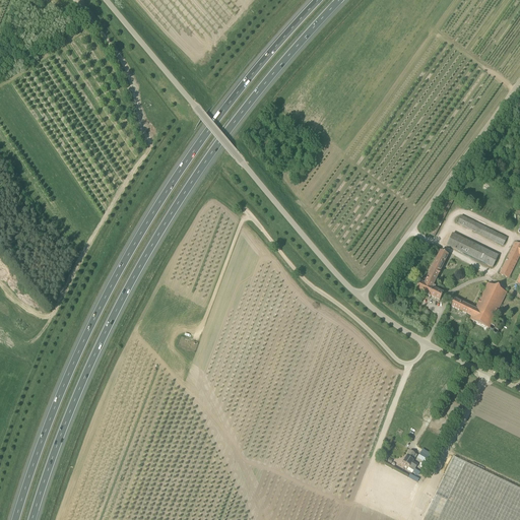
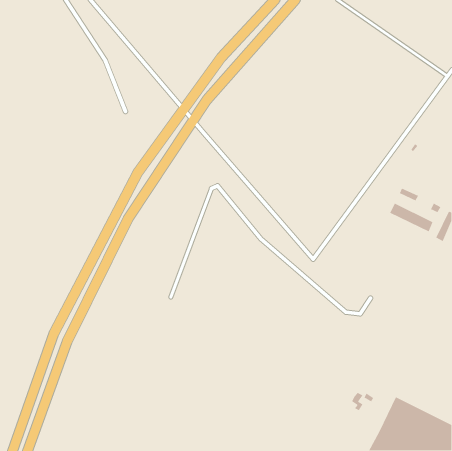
building: [416,251,448,300] -> none
building: [452,283,507,328] -> none

